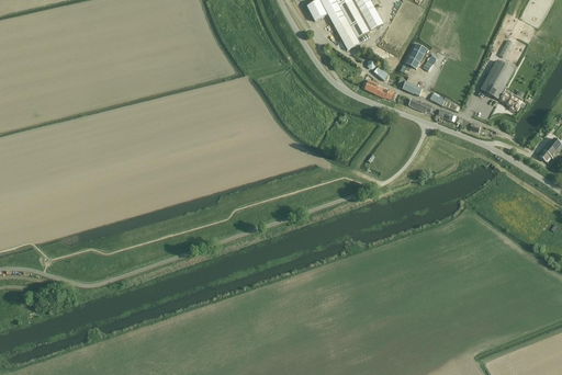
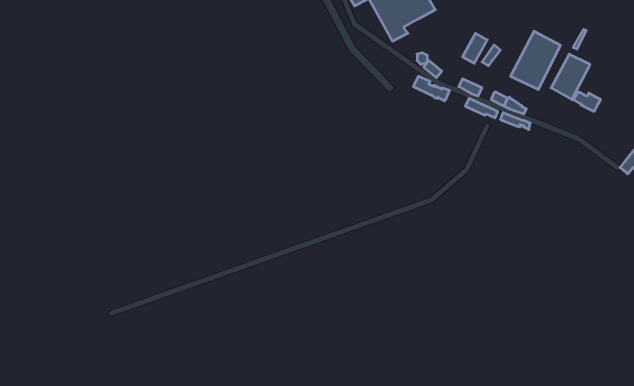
building: none -> [511,31,560,90]

